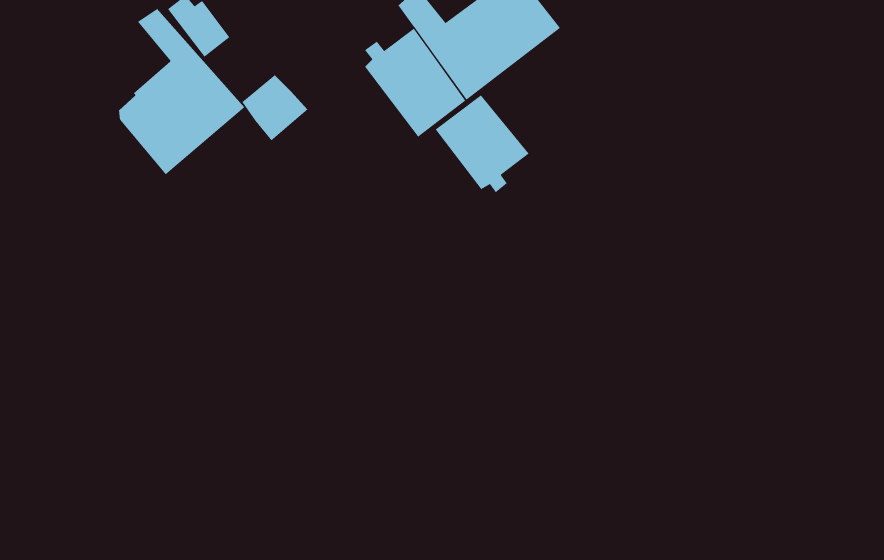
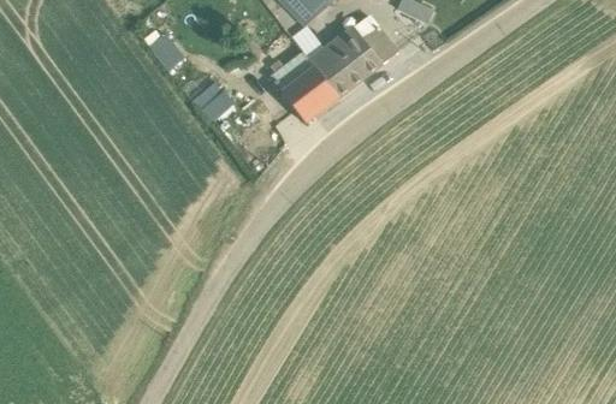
building: [118,8,245,175] -> none
building: [435,94,529,193] -> none

